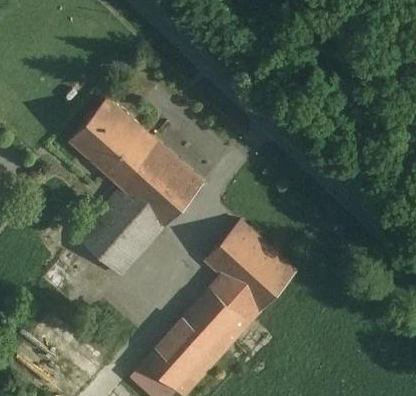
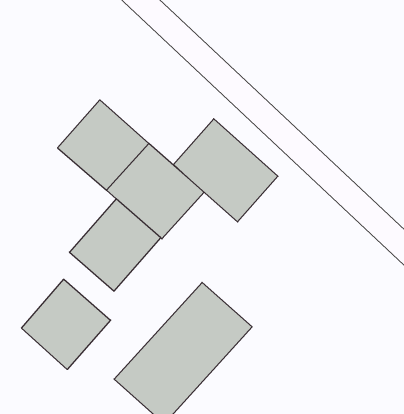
building: [195,217,291,312] -> [174,119,278,222]
building: none -> [22,279,111,369]

